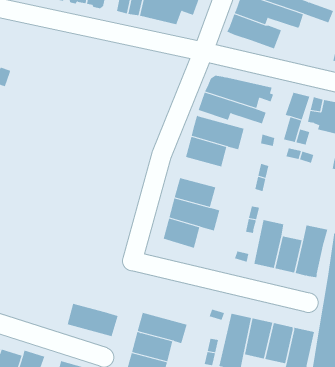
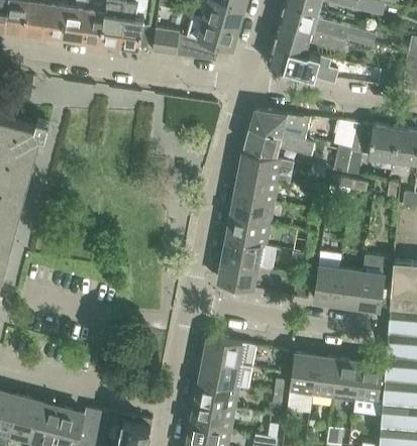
building: none -> [231,196,274,224]
building: [67,303,119,337] -> [204,336,256,367]

